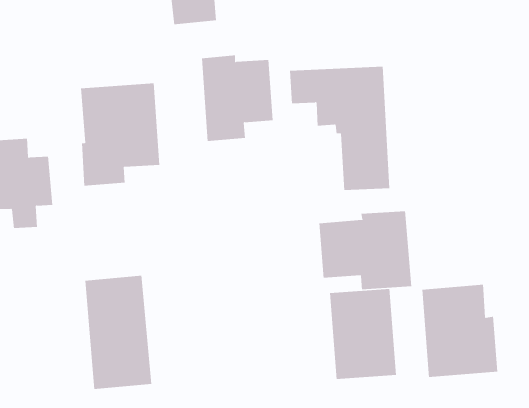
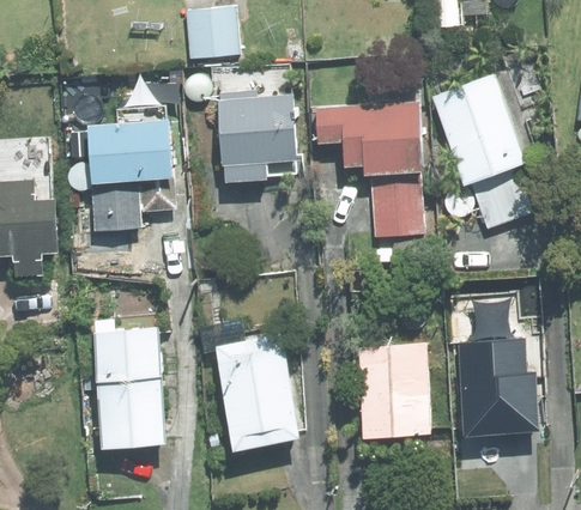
building: none -> [431,69,535,227]
building: [319,211,412,290] -> none
building: none -> [214,333,301,451]

